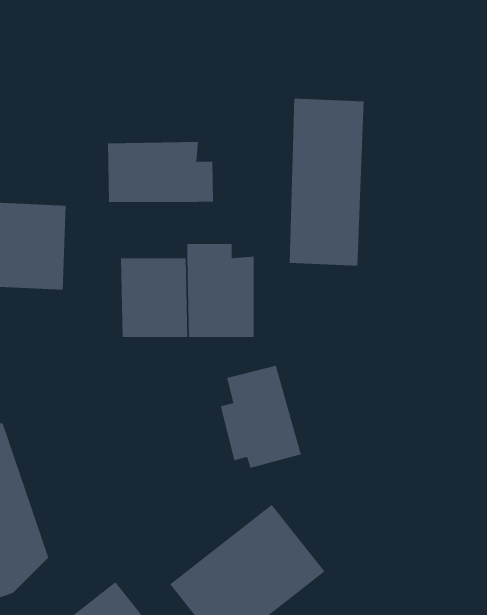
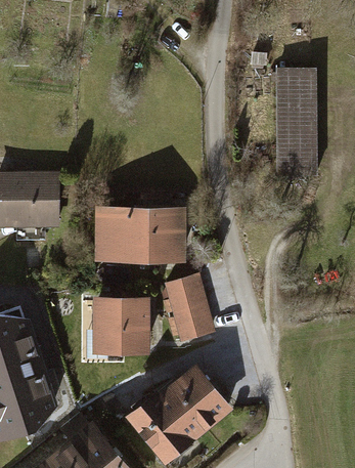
building: [289,98,365,267] -> [272,71,321,180]
building: [107,141,214,203] -> none
building: none -> [95,297,151,353]

